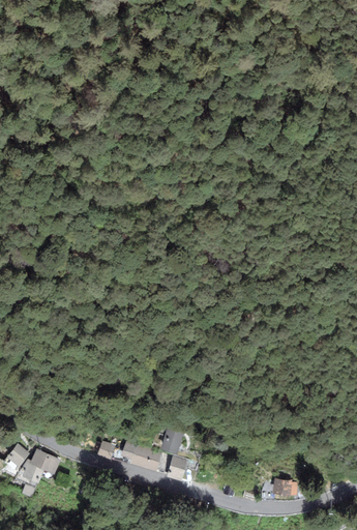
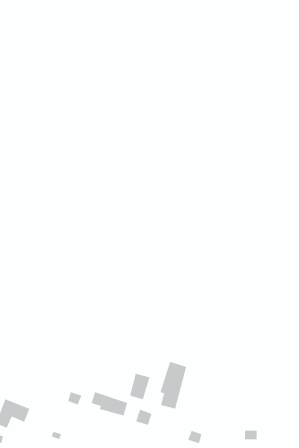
building: none -> [159,361,187,410]

